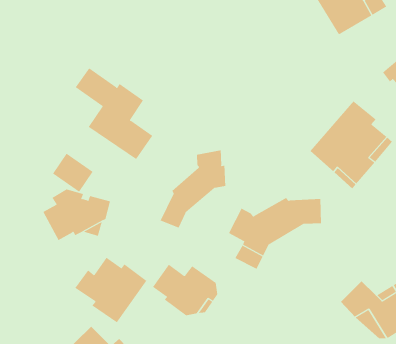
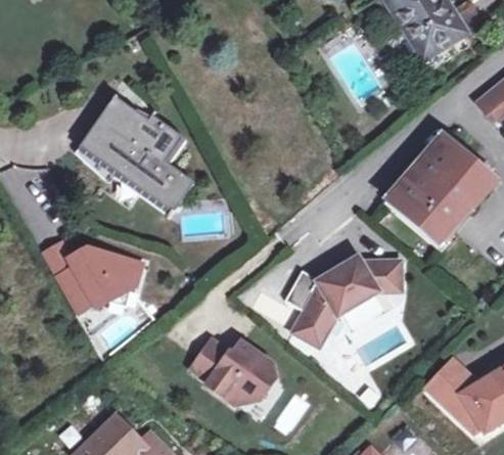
building: [160,150,226,228] -> none
building: [52,153,93,192] -> [79,121,130,170]
building: [75,257,147,323] -> none

